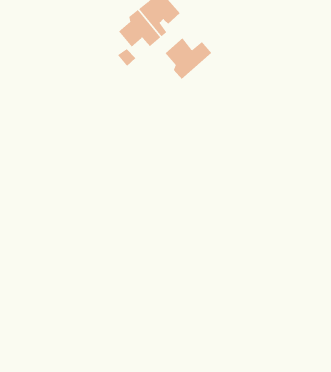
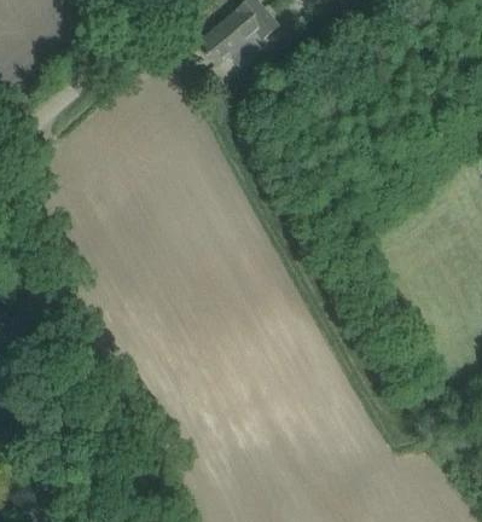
building: [165,37,212,80] -> none

